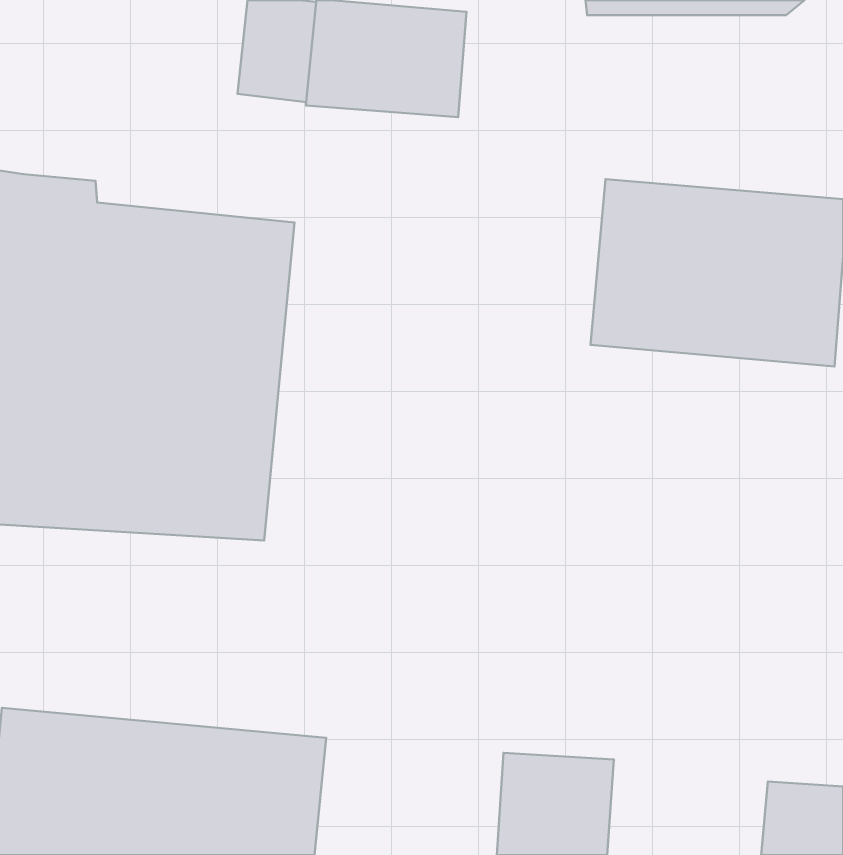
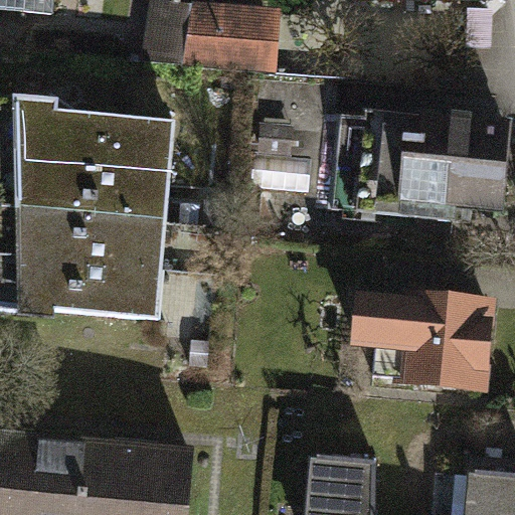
building: none -> [391,286,489,389]

